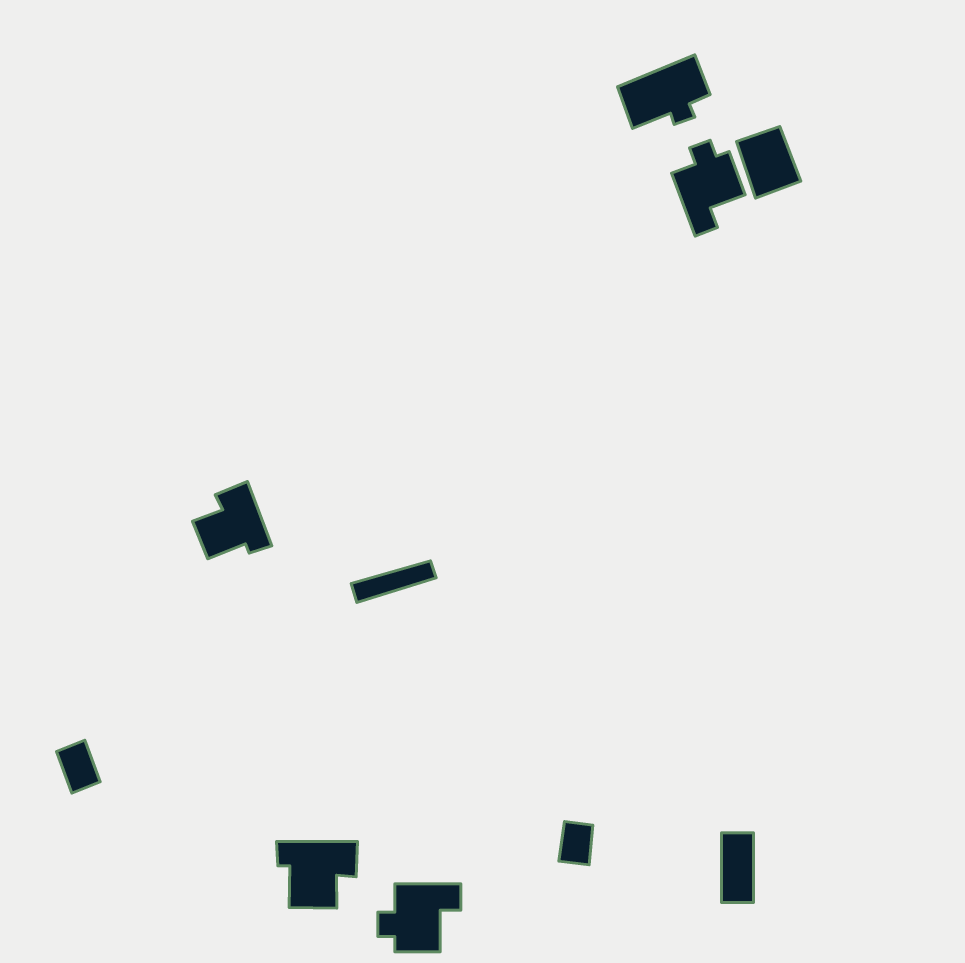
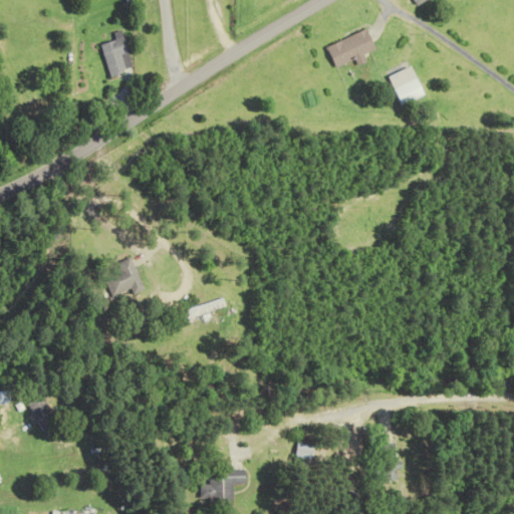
building: none -> [94,37,130,76]
building: [671,140,745,236] -> none
building: [277,841,357,908] -> none

